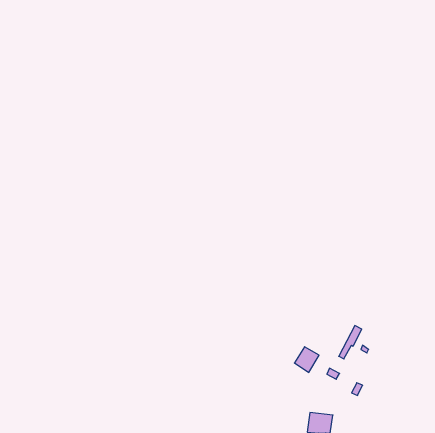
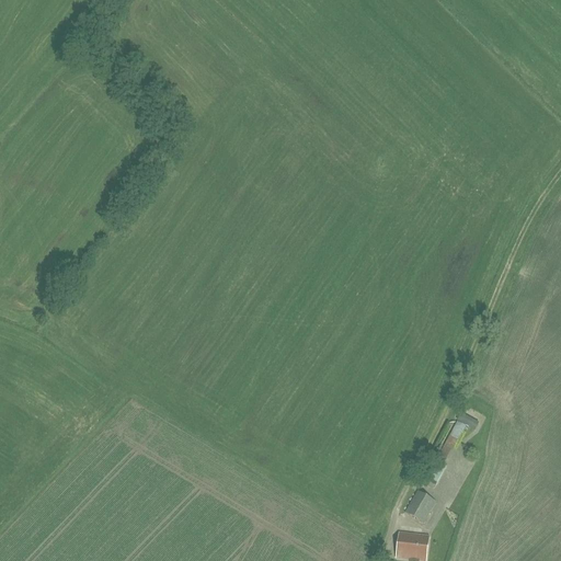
building: [294,347,319,372] -> [404,489,436,522]

